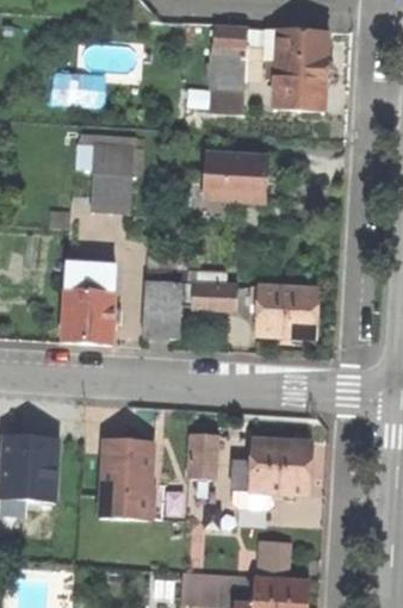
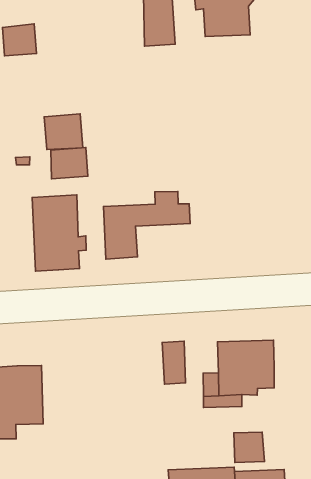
building: [92,142,132,174] -> [51,148,88,179]
building: [204,154,268,205] -> none
building: [252,284,320,336] -> none
building: [99,441,155,522] -> none

